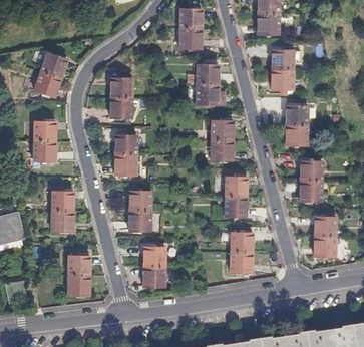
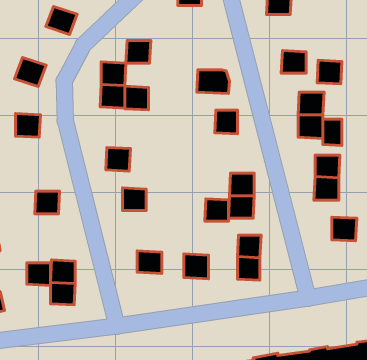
building: [178,27,201,47] -> [126,41,151,63]
building: [273,47,295,68] -> [317,60,342,84]
building: [41,55,69,80] -> [46,6,77,34]
building: [198,64,219,84] -> none
building: none -> [323,119,342,146]
building: [116,133,137,154] -> [125,86,148,110]
building: [212,140,233,160] -> [205,199,228,221]
building: [34,143,56,164] -> none
building: [129,210,151,231] -> none
building: [52,213,73,233] -> [27,263,51,285]
building: [316,236,338,257] -> none
building: [143,265,165,287] -> [184,254,209,279]

